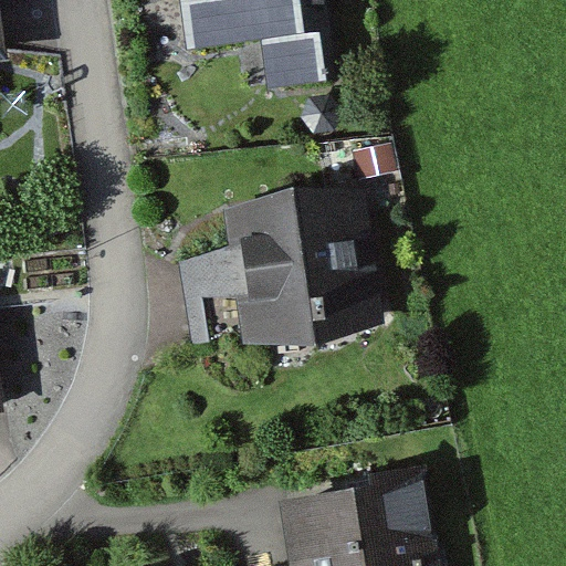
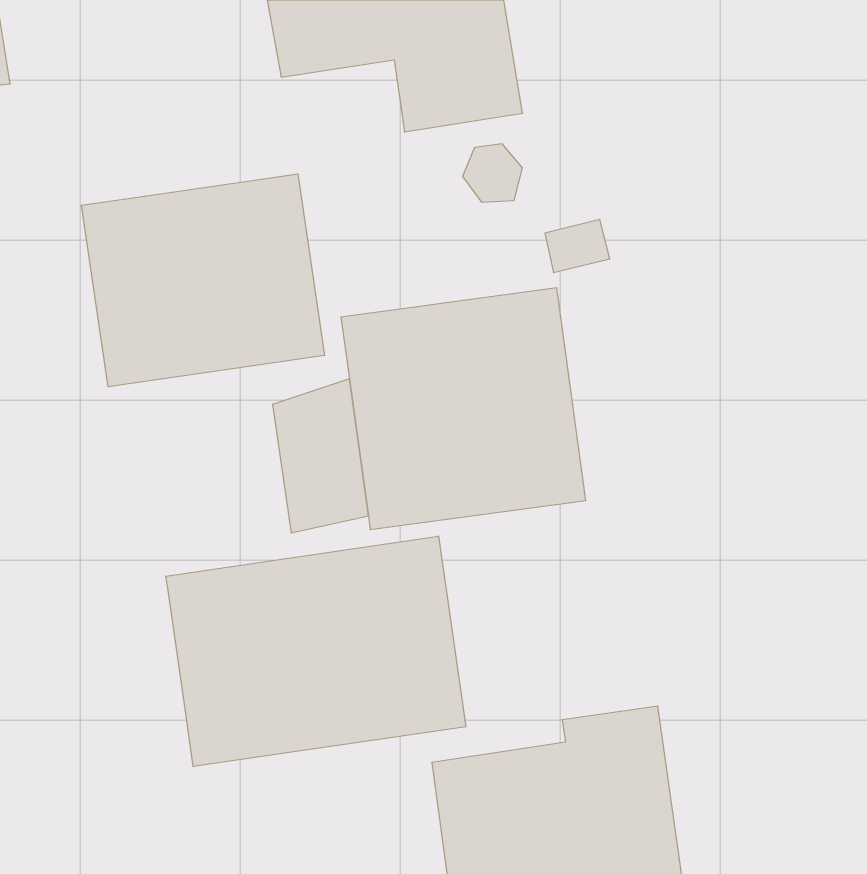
building: none -> [82,174,325,387]
building: none -> [166,536,466,767]

